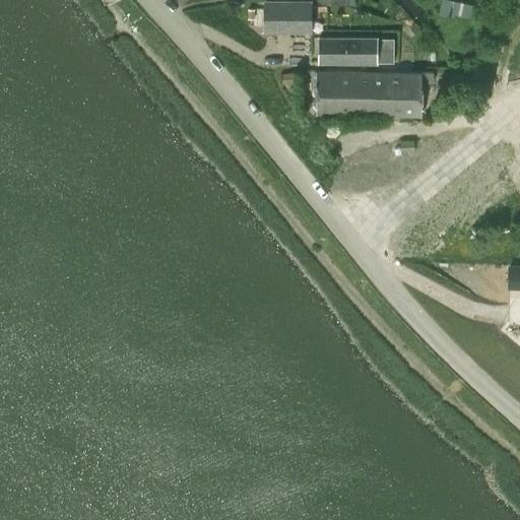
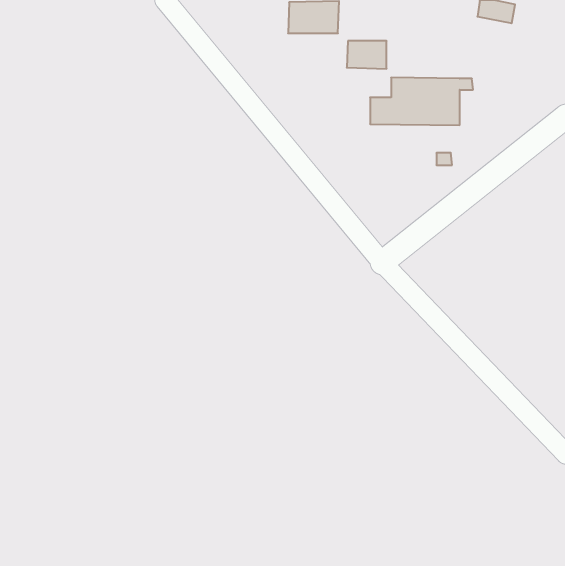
building: [355,38,392,63] -> none
building: [316,71,360,114] -> none

